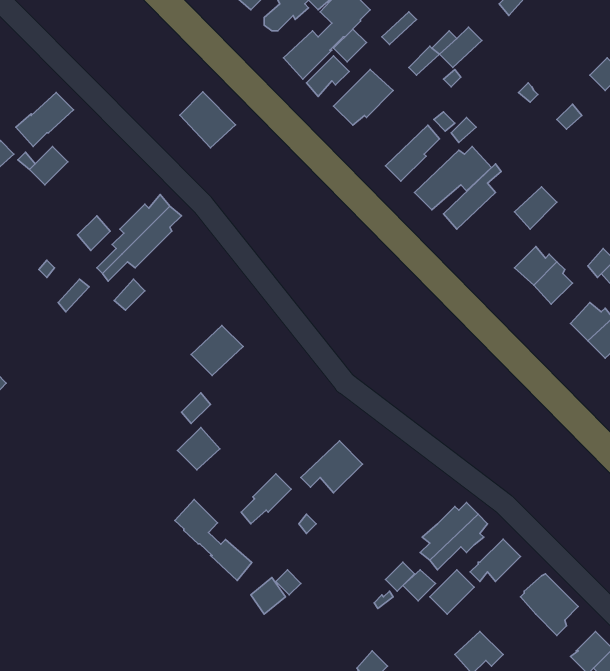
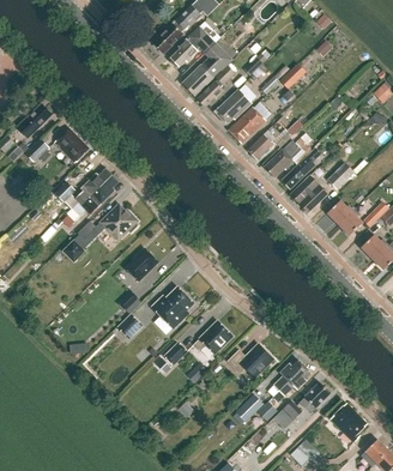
building: [180,92,236,148] -> [55,128,90,163]
building: none -> [229,107,266,144]
building: none -> [291,176,327,212]
building: none -> [101,204,138,240]
building: none -> [152,286,194,328]
building: none -> [228,344,273,378]
building: [175,500,252,580] -> none

